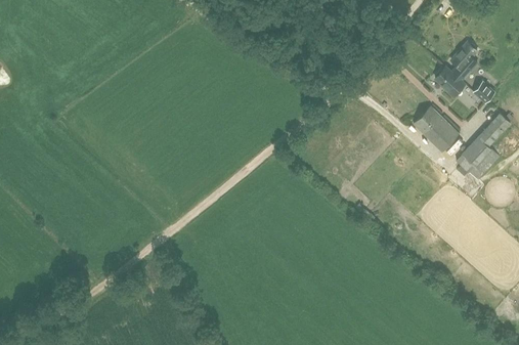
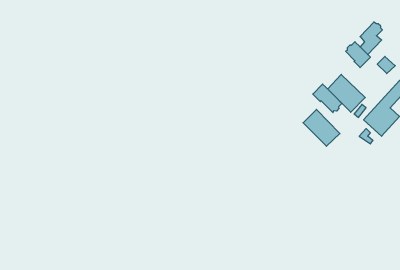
building: none -> [313,84,342,113]
building: none -> [303,109,340,146]

